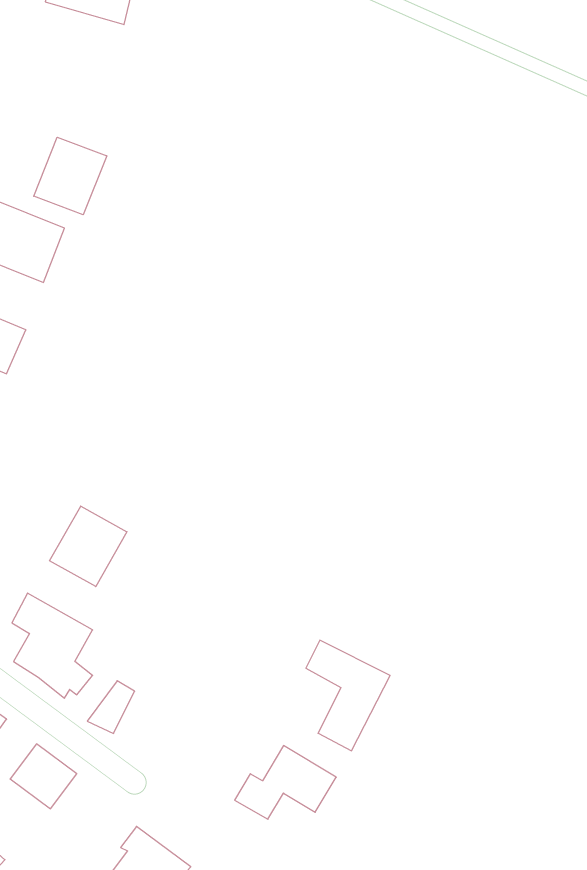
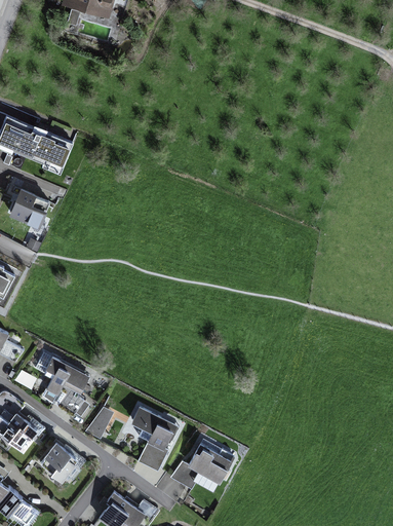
building: [34,137,107,215] -> none
building: [50,506,127,587] -> none
building: [306,640,390,751] -> [129,406,179,471]

